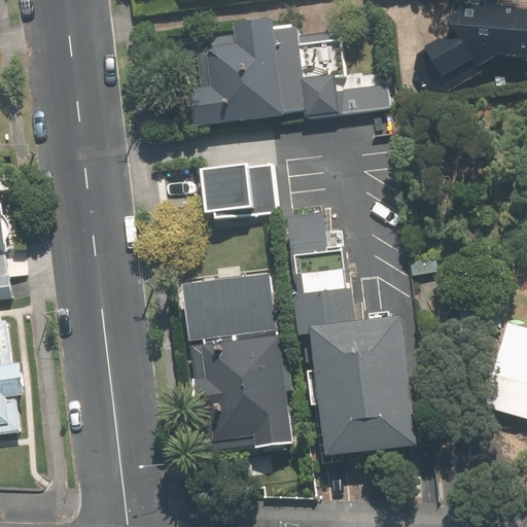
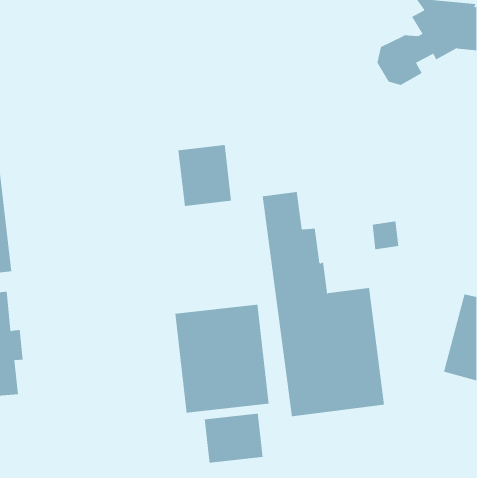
building: [189,17,390,125] -> none
building: [185,275,279,340] -> none
building: none -> [204,413,263,464]

